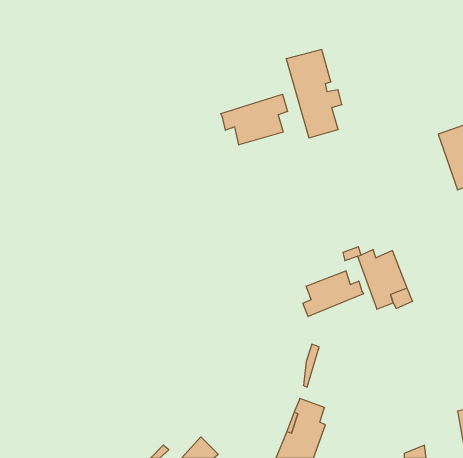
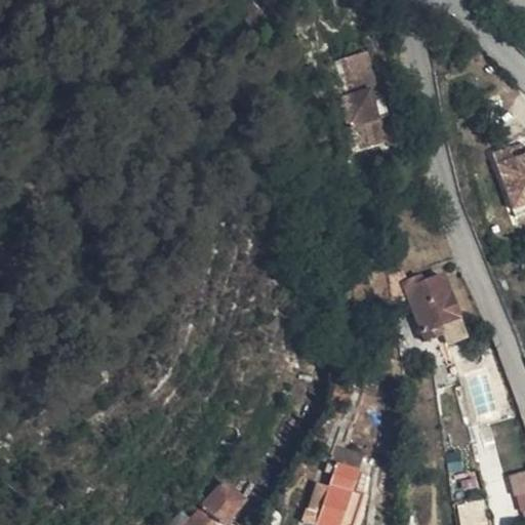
building: [221,94,288,145] -> none
building: [303,271,363,317] -> none

